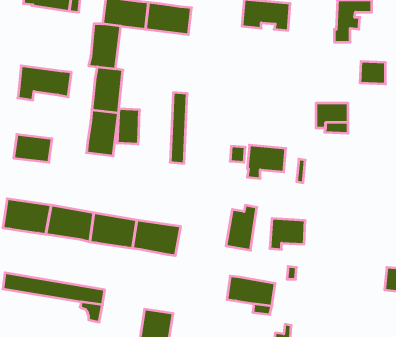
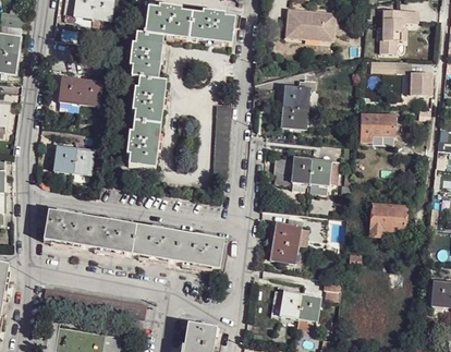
building: none -> [281,80,316,129]
building: [117,109,139,144] -> none
building: [270,218,305,249] -> [370,204,406,235]

